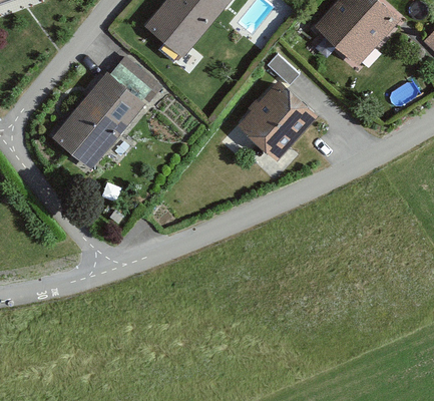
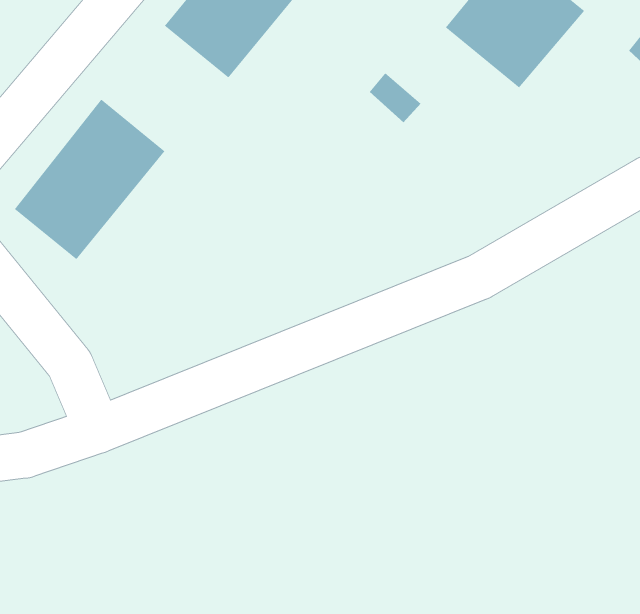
building: [112,57,163,103] -> none
building: [239,81,317,160] -> none

